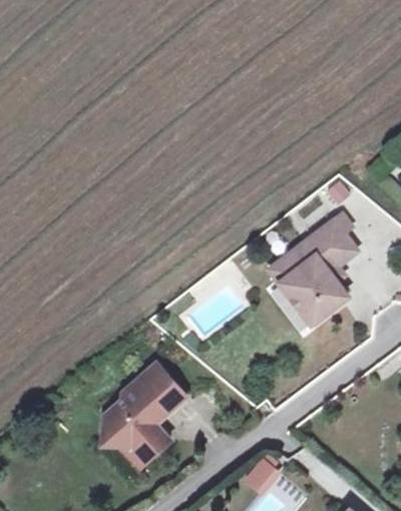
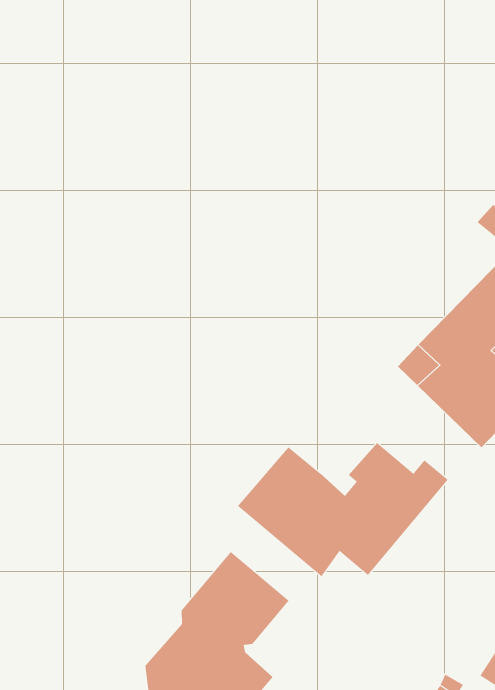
building: none -> [237,442,448,577]

